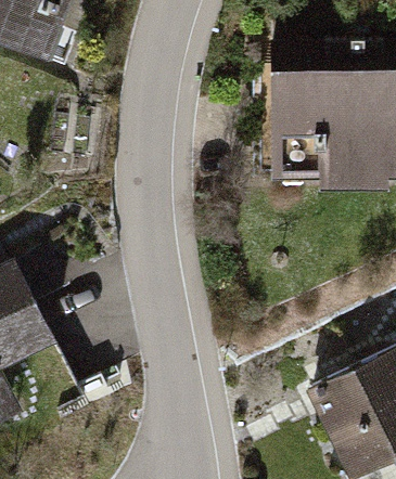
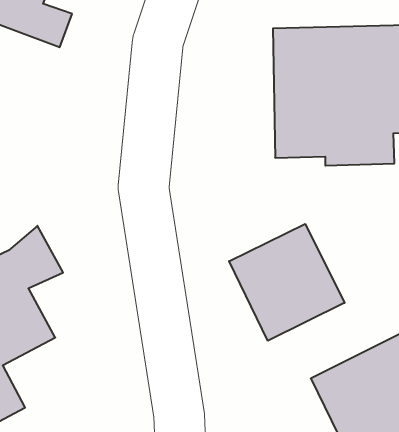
building: none -> [229,224,345,341]

